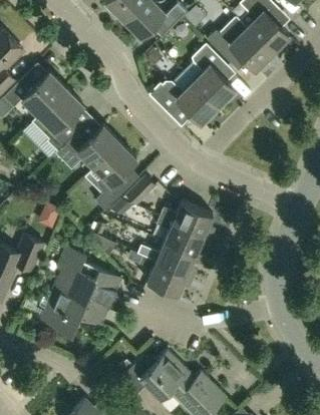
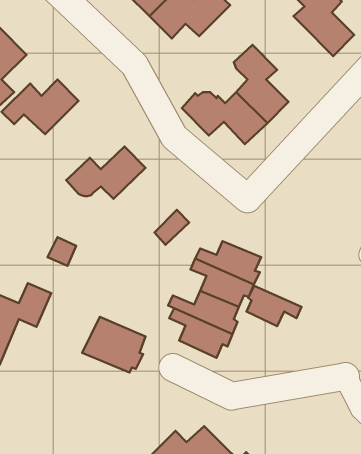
building: [207,27,271,69] -> none
building: [38,88,82,150] -> none
building: [93,142,136,211] -> none
building: none -> [247,286,301,326]
building: [39,248,111,332] -> none

